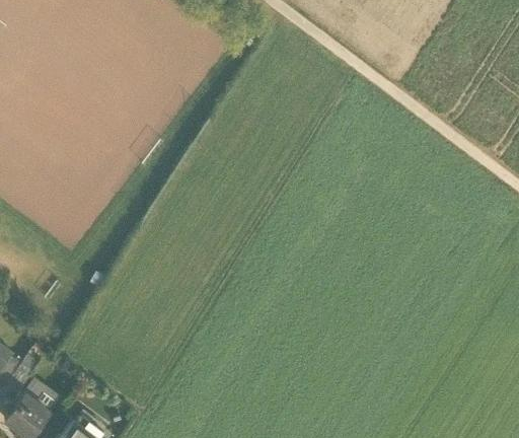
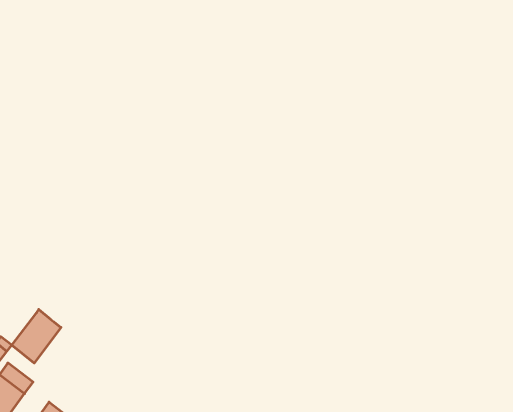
building: none -> [12,309,61,363]

